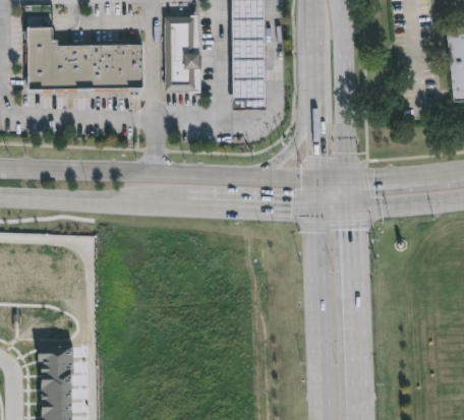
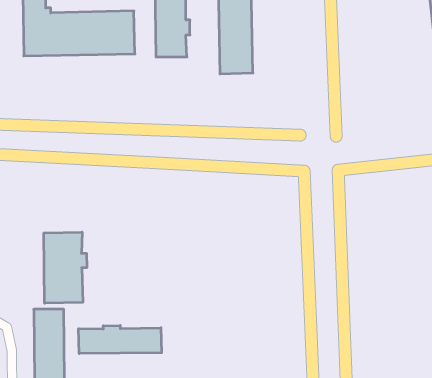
building: none -> [44,232,87,303]
building: none -> [79,325,162,354]

